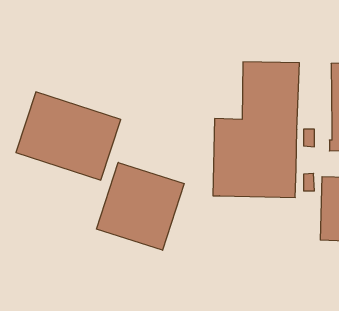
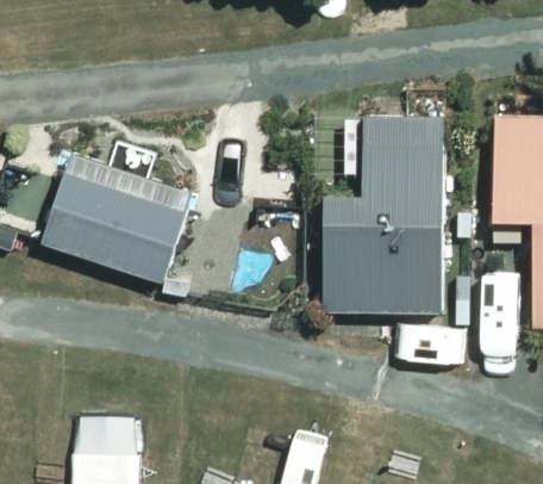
building: [97,162,184,250] -> none

